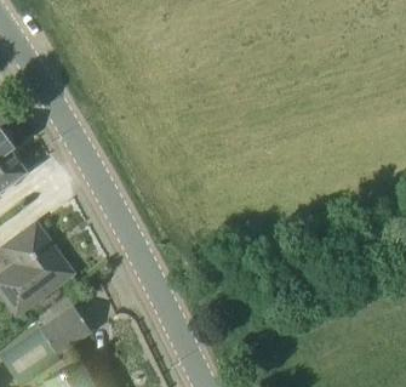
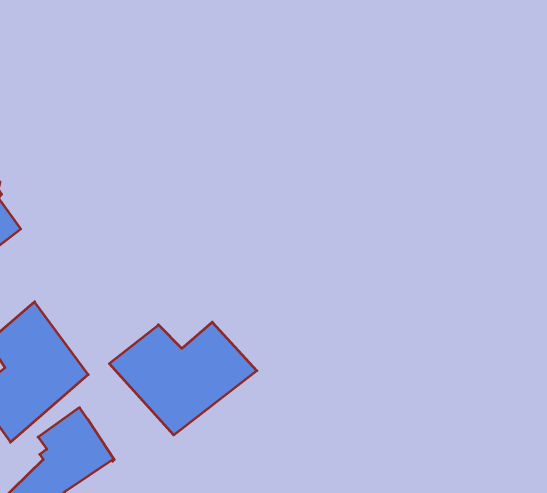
building: none -> [109,322,257,435]

